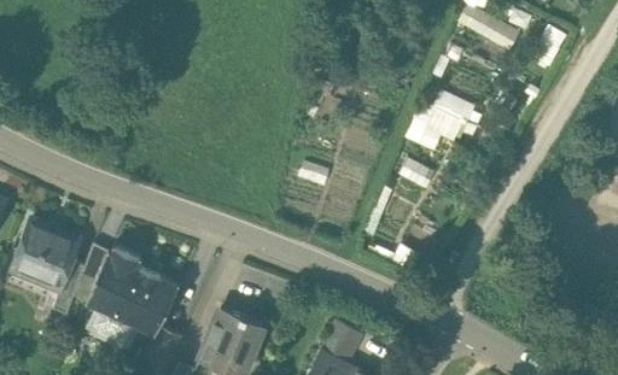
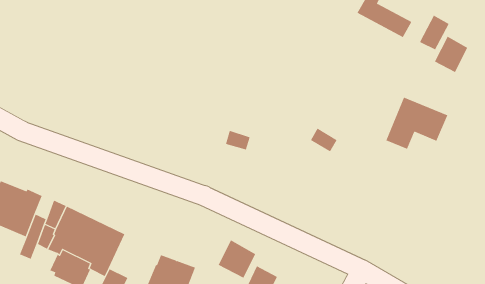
building: none -> [434,36,468,73]
building: [408,87,483,150] -> [385,97,448,150]
building: none -> [218,240,256,278]

